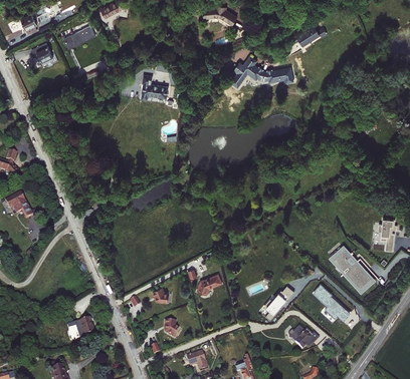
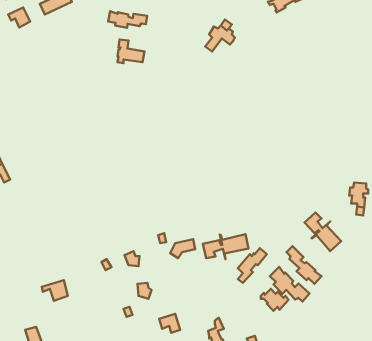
building: none -> [108,11,147,28]
building: [260,63,295,80] -> none
building: none -> [203,234,249,259]
building: none -> [270,267,310,301]

